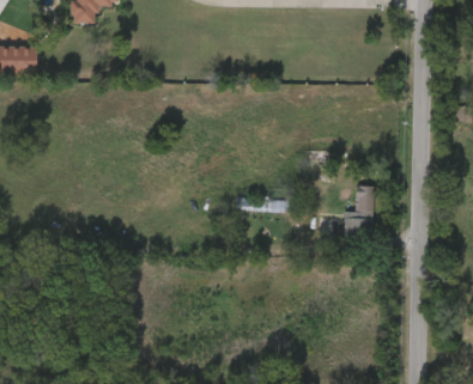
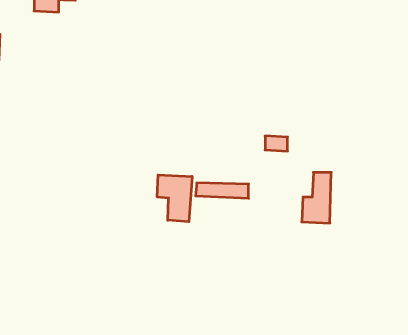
building: none -> [157,175,192,222]

